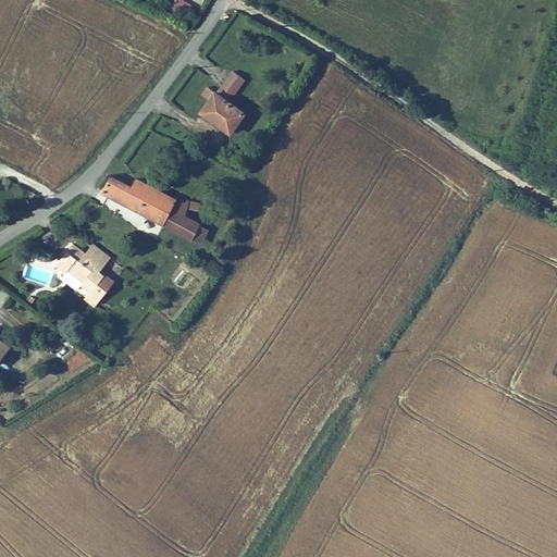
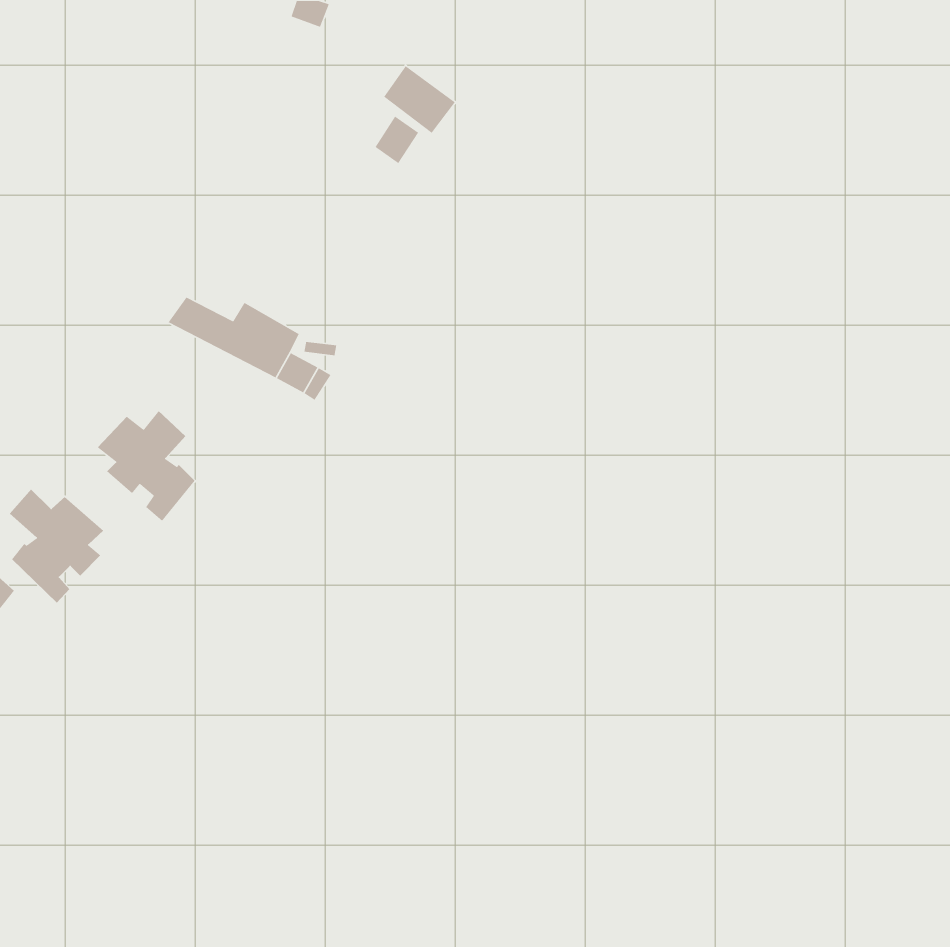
building: [202,94,245,134] -> [383,65,456,134]
building: none -> [9,488,104,604]

